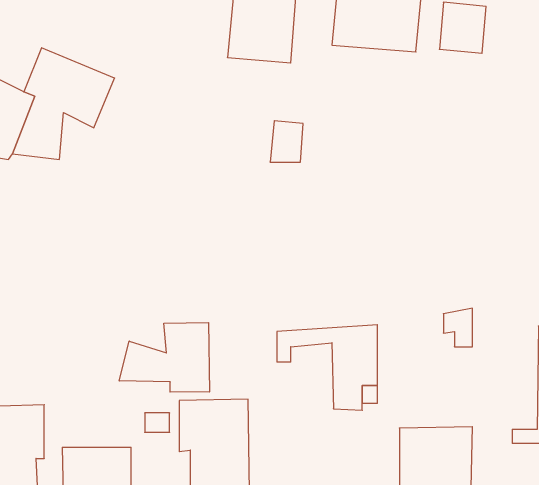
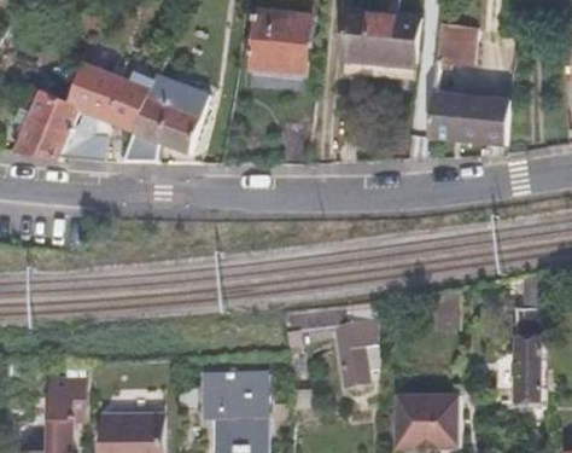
building: none -> [118,75,204,163]
building: none -> [427,93,510,144]
building: [119,323,209,392] -> none

